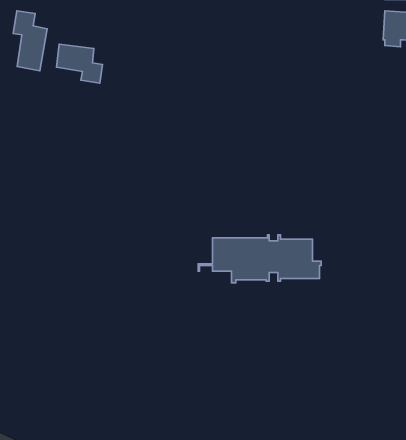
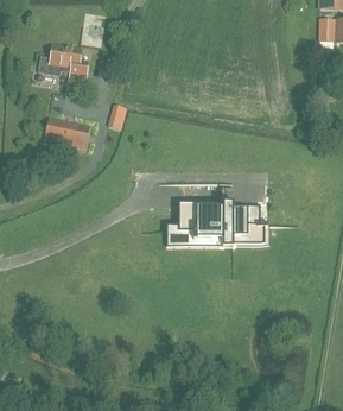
building: [13,11,47,71] -> none
building: none -> [43,118,88,146]

